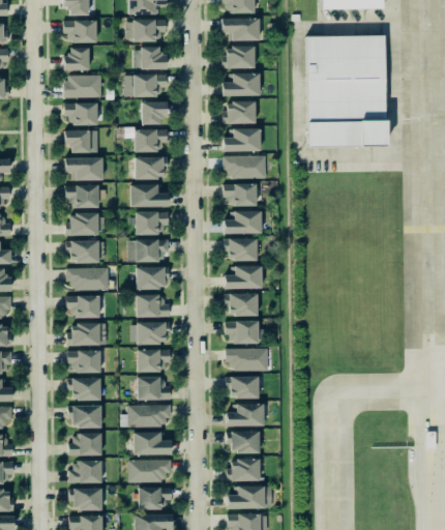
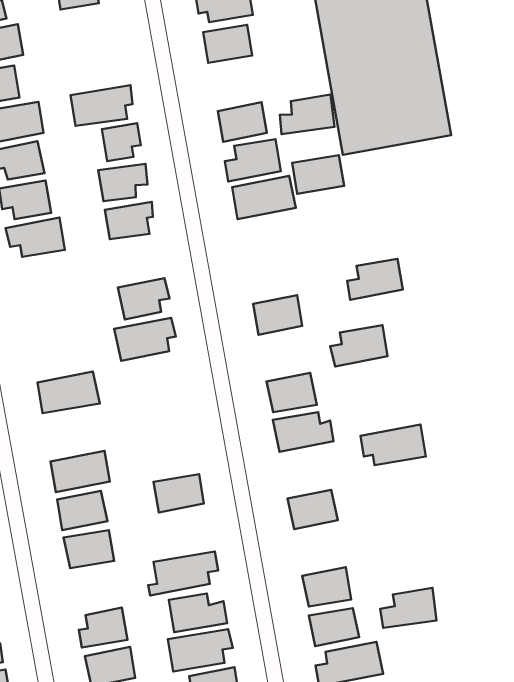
building: [125,20,166,41] -> none
building: [134,48,167,69] -> none
building: [221,73,260,96] -> [280,94,335,134]
building: [130,184,168,207] -> none
building: [224,184,257,206] -> [292,155,344,194]
building: [65,185,98,207] -> none
building: [224,211,261,234] -> [347,259,403,300]
building: [66,213,97,236] -> none
building: [67,240,98,263] -> none
building: [224,266,262,289] -> [330,325,388,366]
building: [136,267,168,289] -> none
building: [66,295,99,318] -> none
building: [136,295,168,318] -> none
building: [130,322,169,344] -> none
building: [226,348,268,371] -> [361,424,426,465]
building: [137,377,170,401] -> none
building: [226,404,264,426] -> [380,588,436,628]
building: [70,406,101,429] -> none

